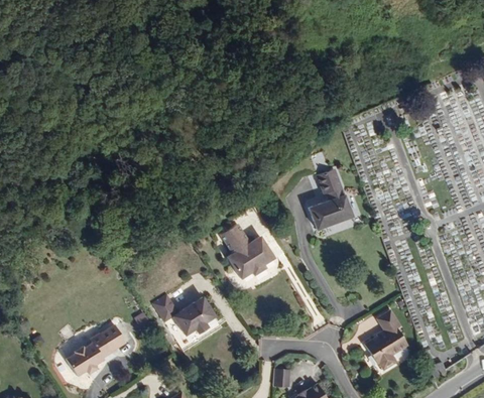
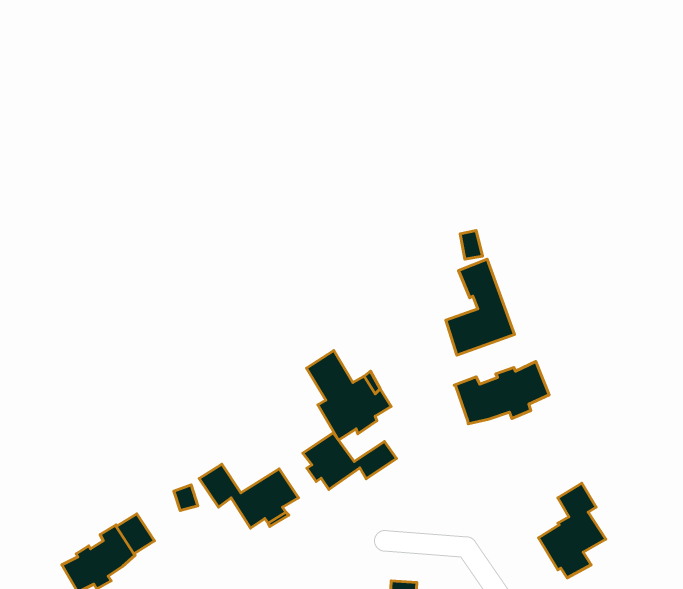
building: none -> [454,362,549,424]
building: none -> [303,433,396,489]

